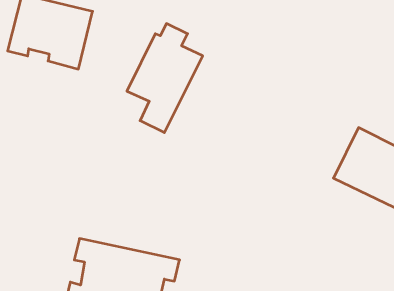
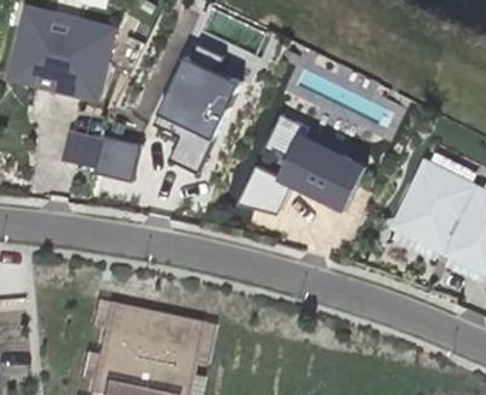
building: none -> [236,114,367,219]
building: none -> [65,122,145,178]

